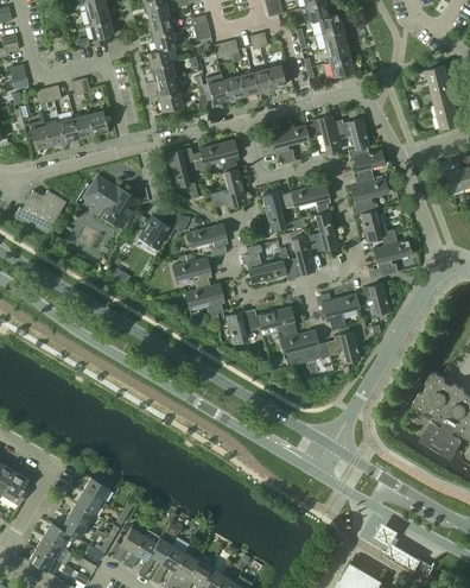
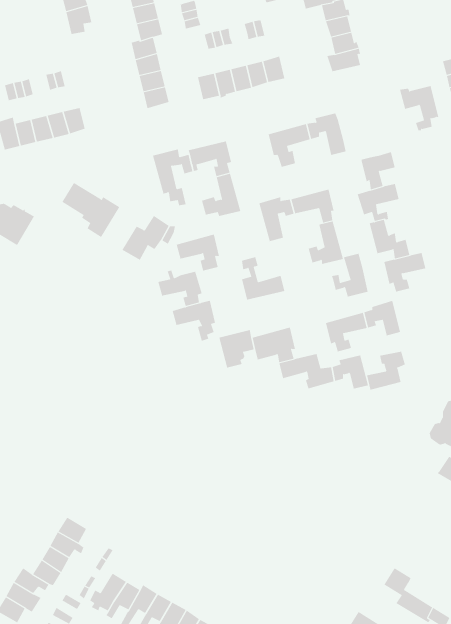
building: [334,118,369,158] -> [399,86,439,131]
building: [281,236,315,276] -> [331,253,368,297]
building: none -> [366,351,406,391]

